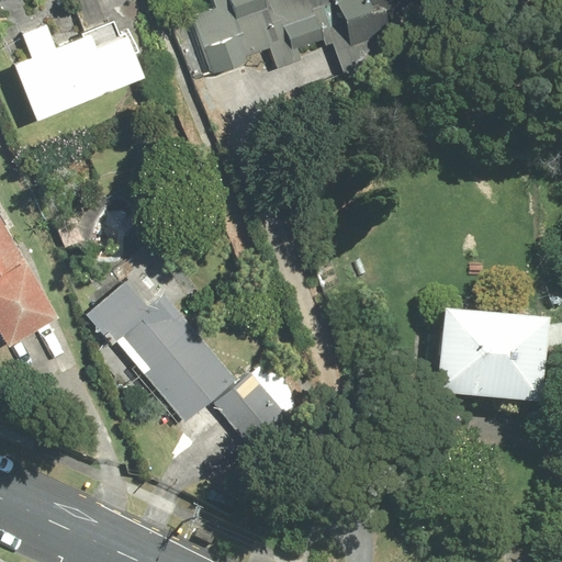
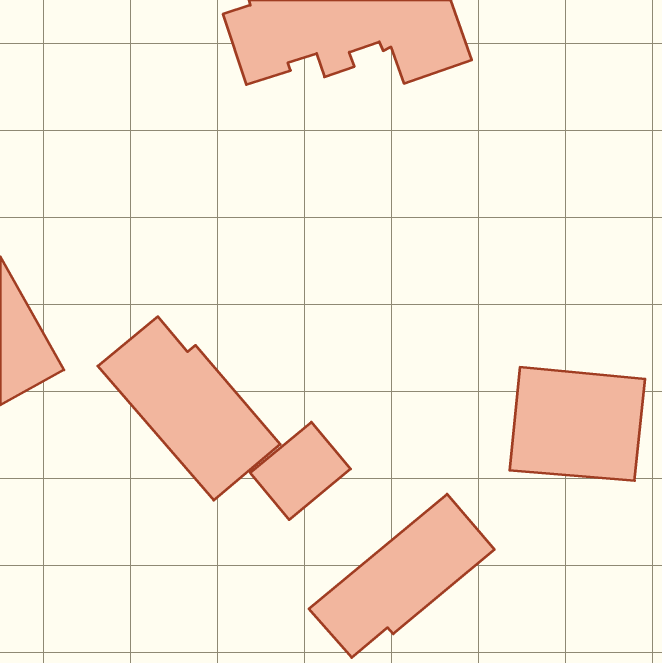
building: [12,24,142,116] -> none
building: none -> [309,494,494,658]

